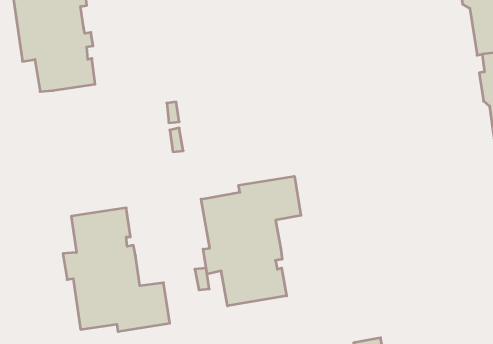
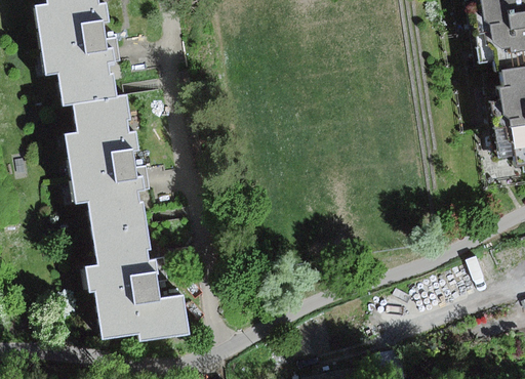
building: none -> [65,96,148,228]
building: [201,176,301,306] -> none

